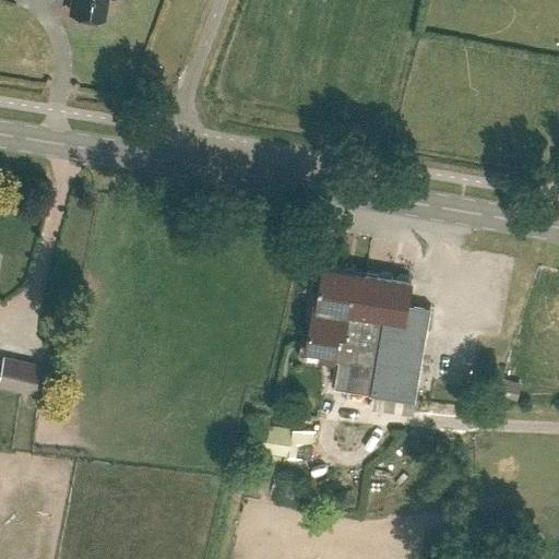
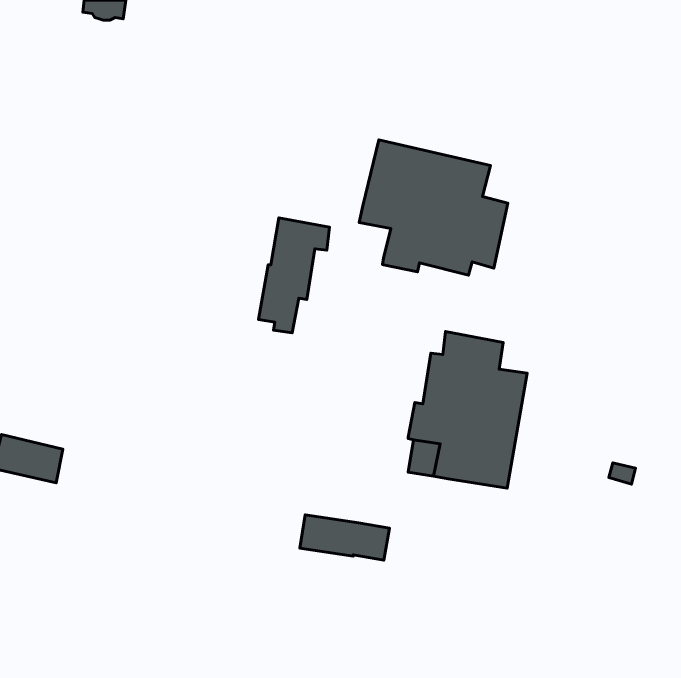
building: none -> [359,140,508,275]
building: [306,267,364,361] -> [259,218,330,333]

